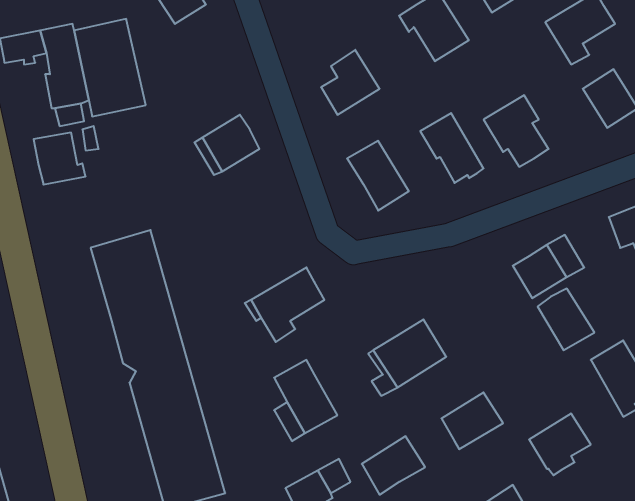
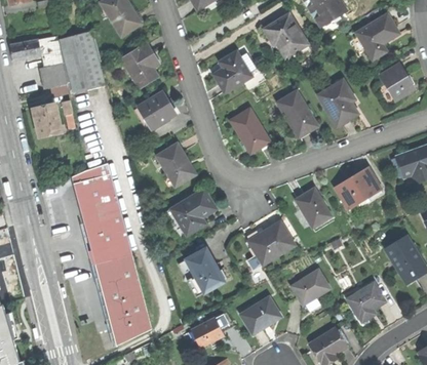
building: none -> [122,43,158,87]
building: none -> [157,144,195,187]
building: [538,289,594,350] -> [295,189,331,228]

